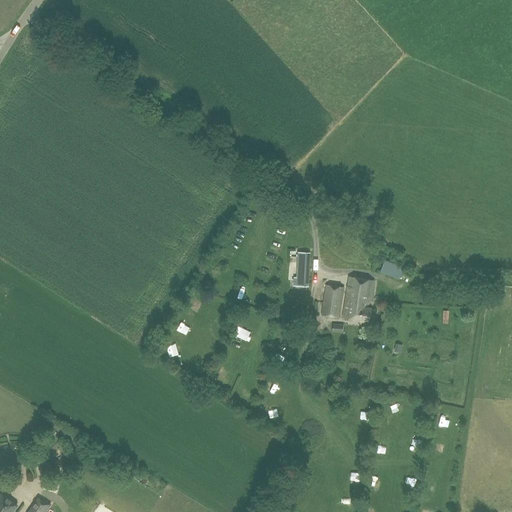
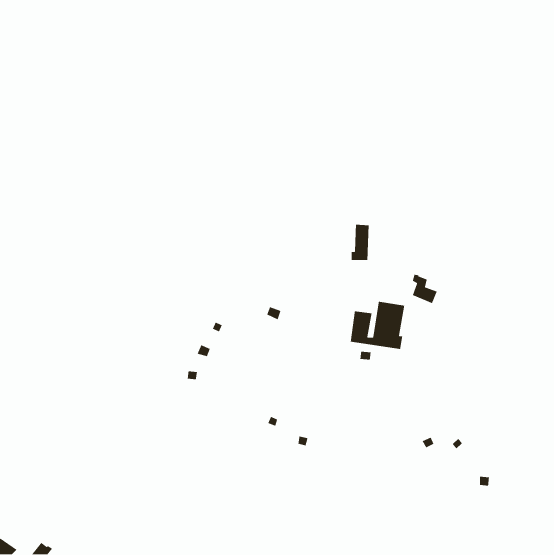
building: [292,252,309,286] -> [351,224,369,261]

